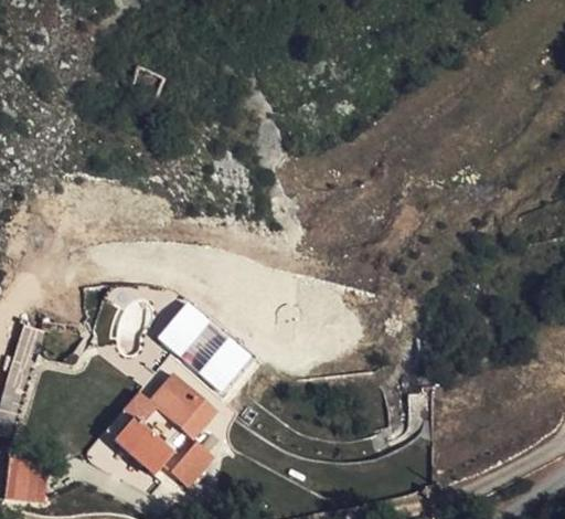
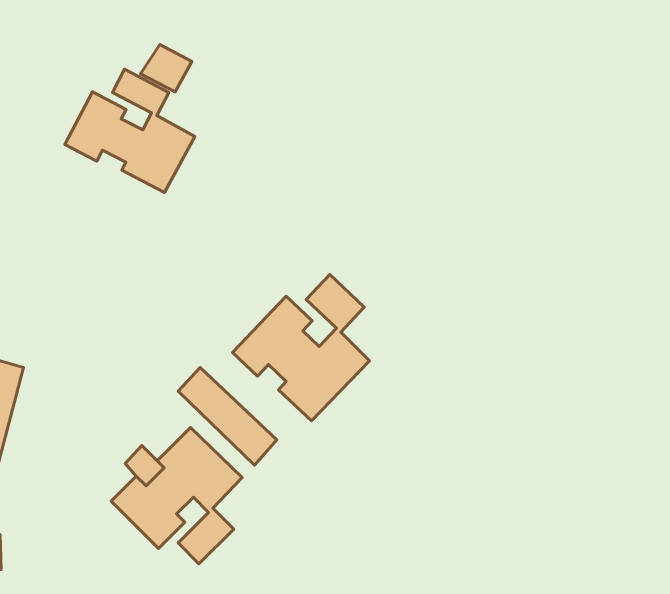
building: none -> [65,69,195,192]
building: none -> [233,275,370,421]

